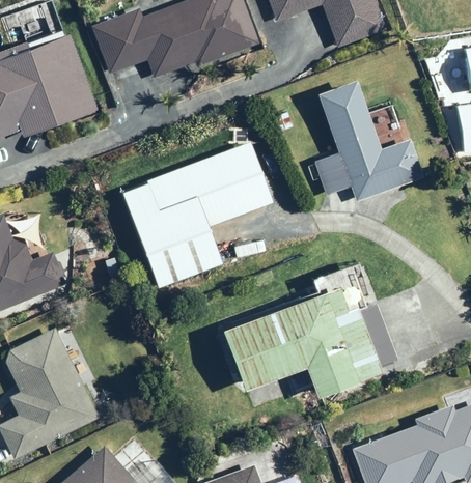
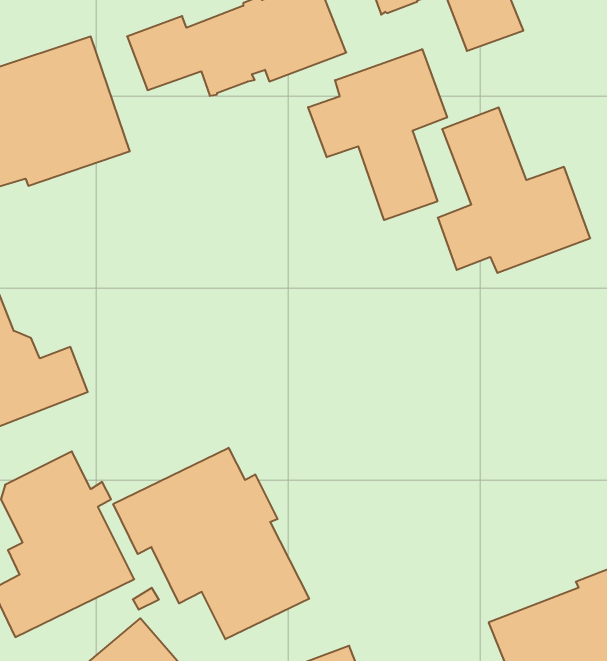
building: none -> [308,49,447,220]
building: [124,145,275,288] -> none
building: [223,289,396,398] -> none
building: none -> [113,448,309,639]

